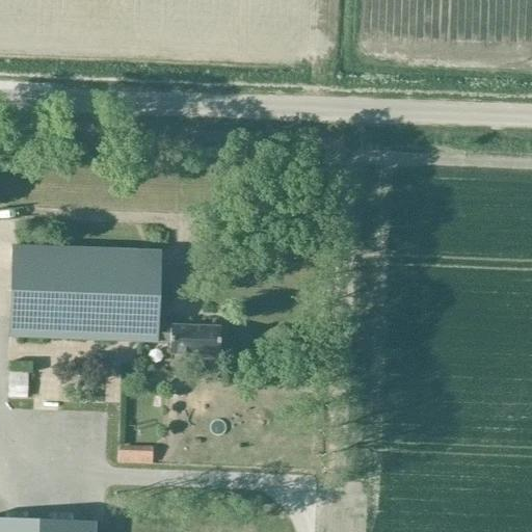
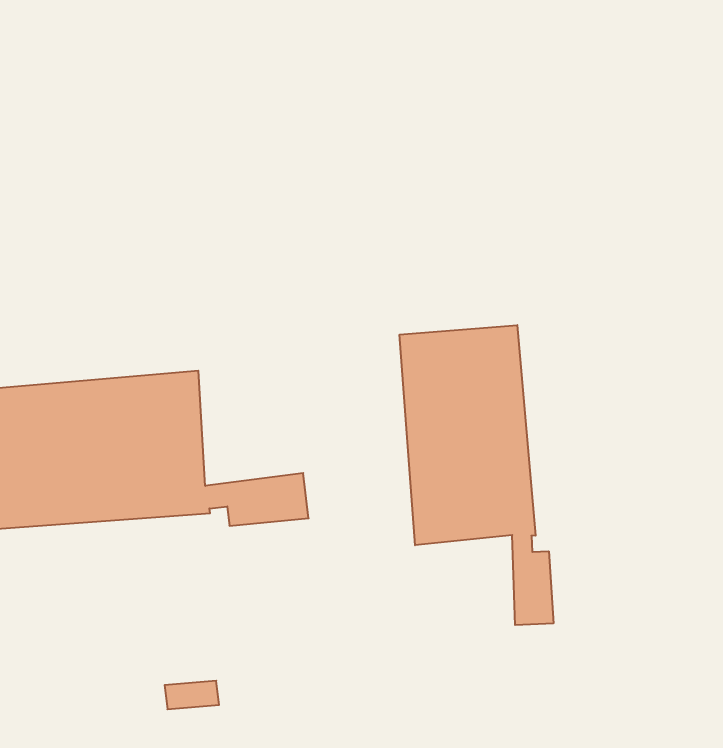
building: none -> [400,325,553,625]

